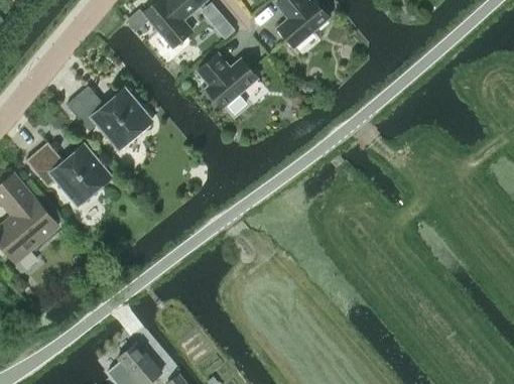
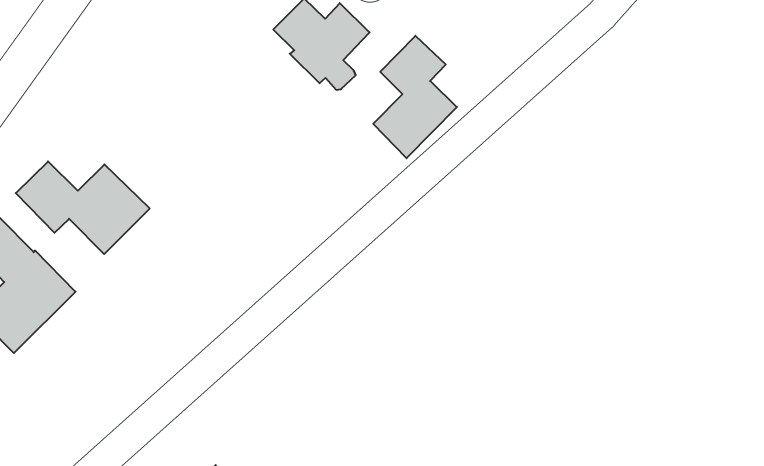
building: none -> [373,36,457,158]
building: [67,86,150,147] -> none

